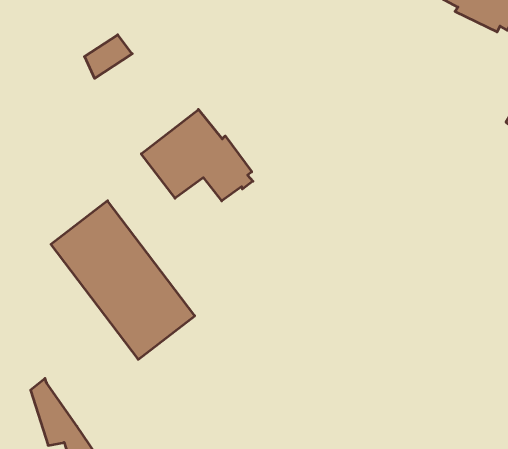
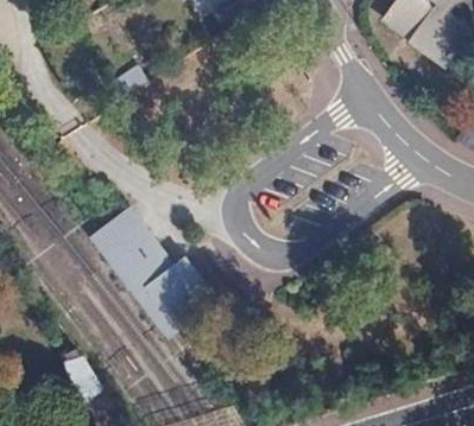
building: [141,109,253,201] -> none

